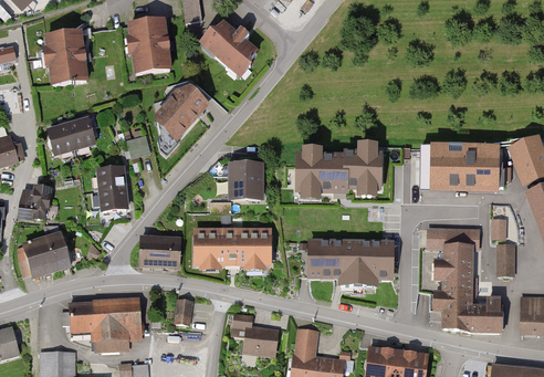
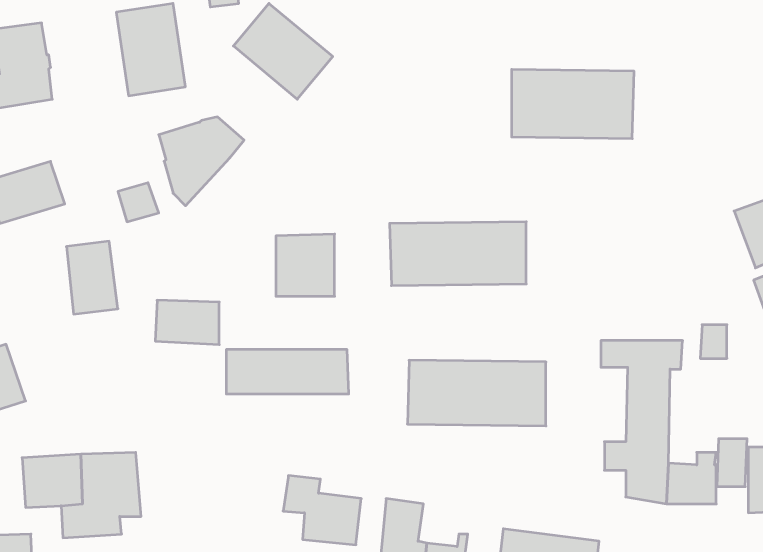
building: [422,147,499,190] -> [512,69,634,139]
building: [140,238,180,265] -> [155,300,219,345]
building: [496,244,515,274] -> [717,439,747,487]
building: [174,299,195,326] -> none

